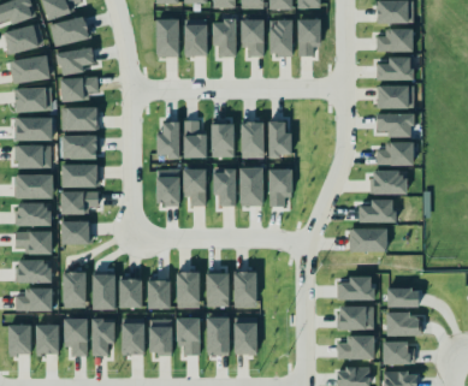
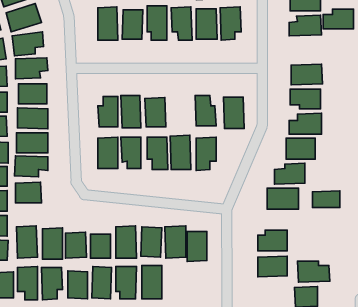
building: [378,57,413,79] -> [323,9,353,29]
building: [241,121,265,158] -> [223,97,244,128]
building: [387,287,419,307] -> [313,191,340,208]
building: [235,320,257,355] -> [187,231,207,262]
building: [337,334,374,358] -> none

